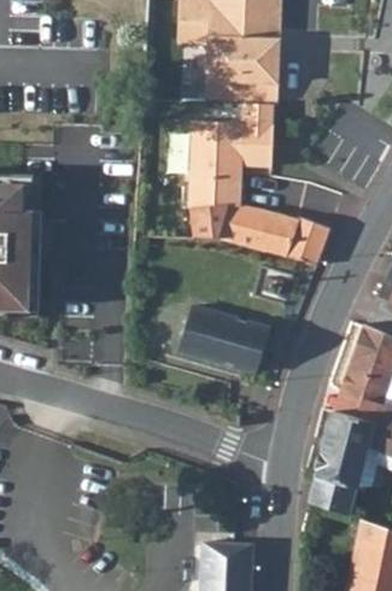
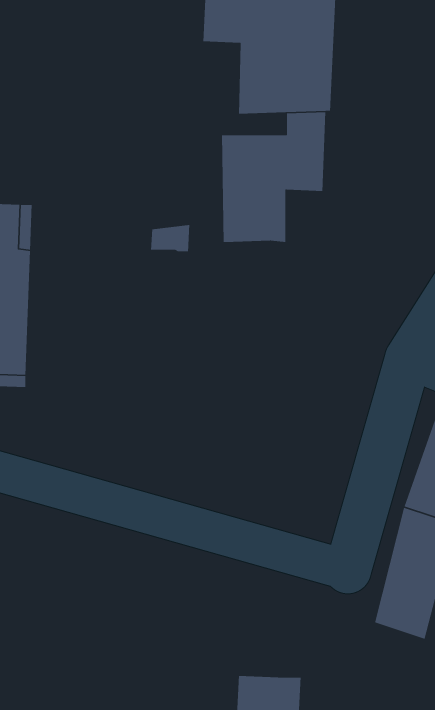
building: [193,205,330,267] -> none
building: [180,308,271,373] -> none

